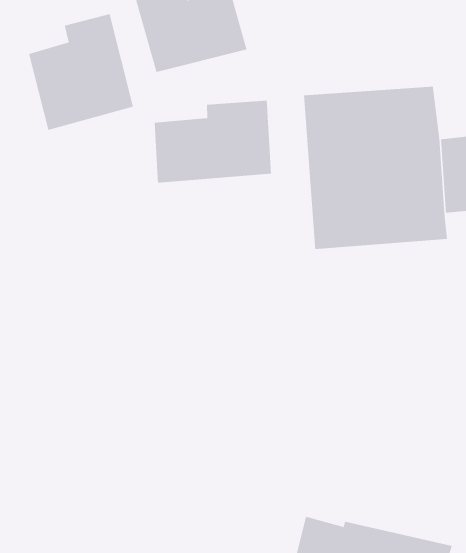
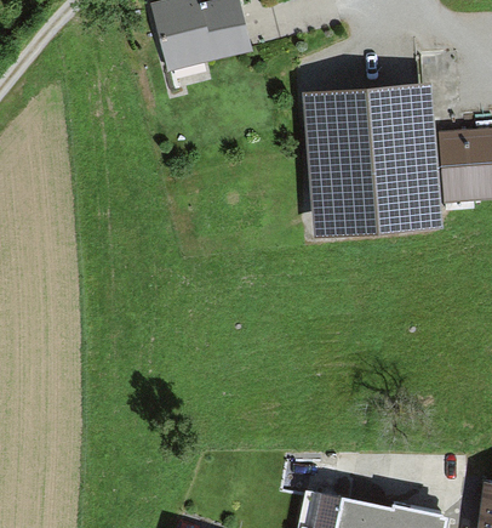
building: [28,13,134,131] -> none
building: [154,100,272,184] -> none

